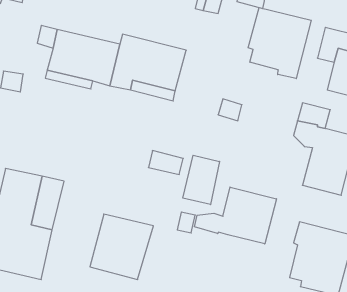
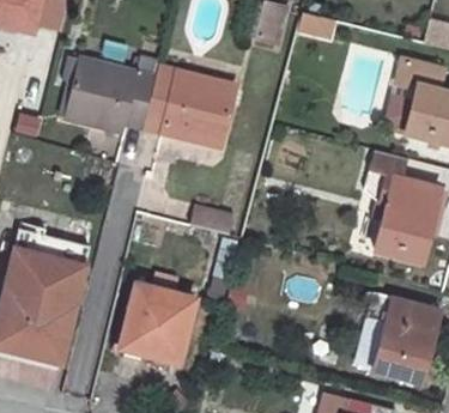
building: [248,8,311,79] -> none
building: [183,155,220,205] -> none
building: [194,187,276,244] -> none

